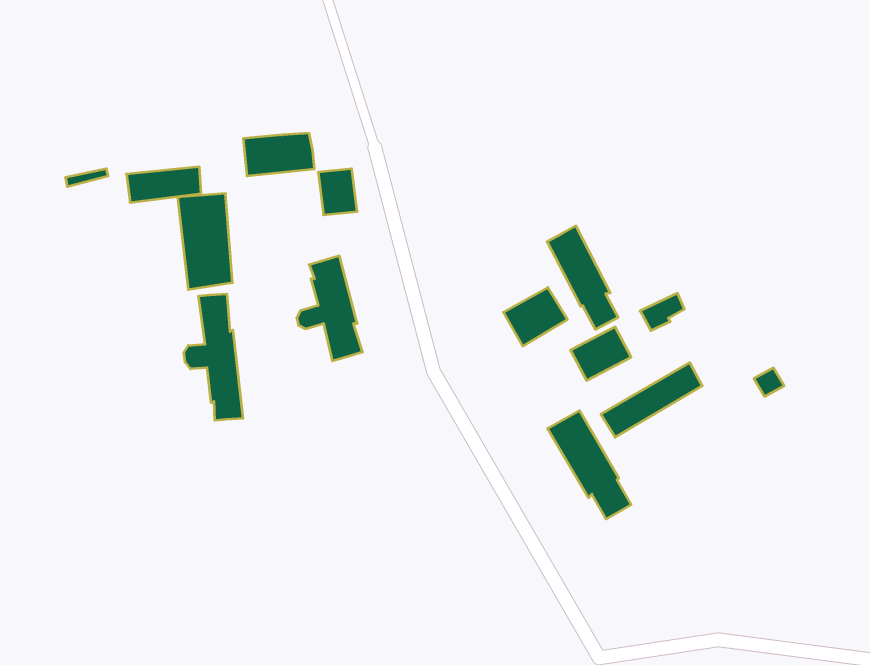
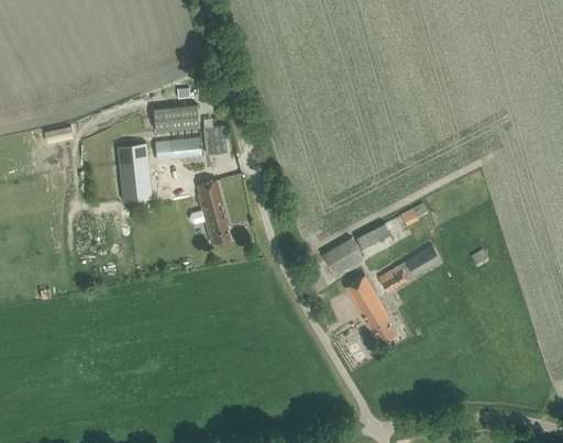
building: [126,167,201,202] -> [154,139,200,160]
building: [547,226,618,329] -> none
building: [503,287,567,346] -> [324,239,364,275]
building: [184,294,243,420] -> none

